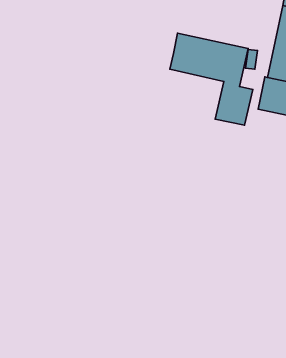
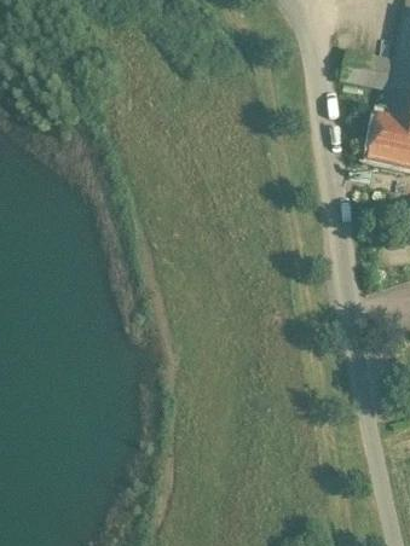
building: [170,33,253,125] -> none

